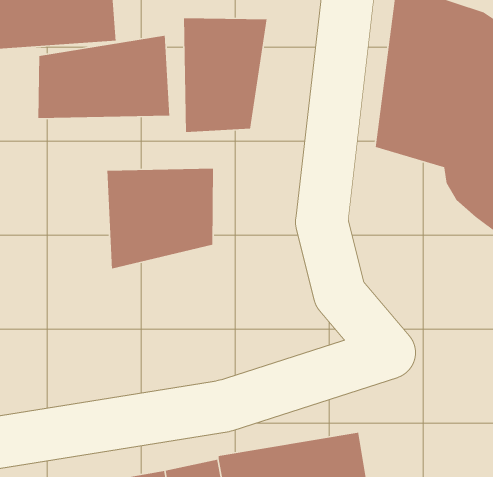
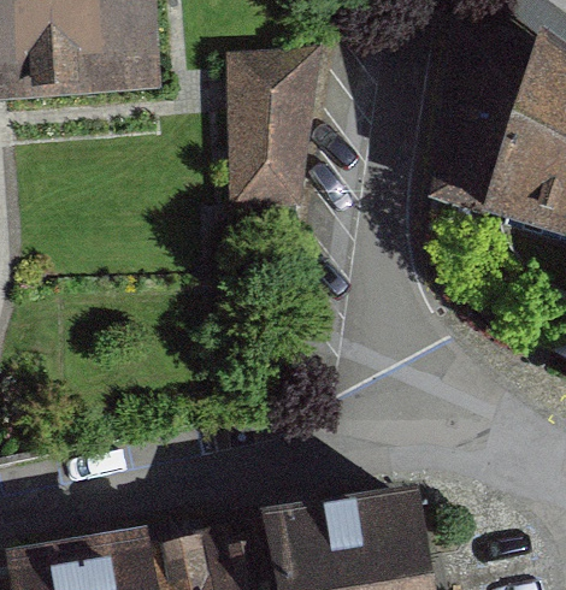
building: [37,35,170,119] -> none
building: [106,168,214,270] -> none

